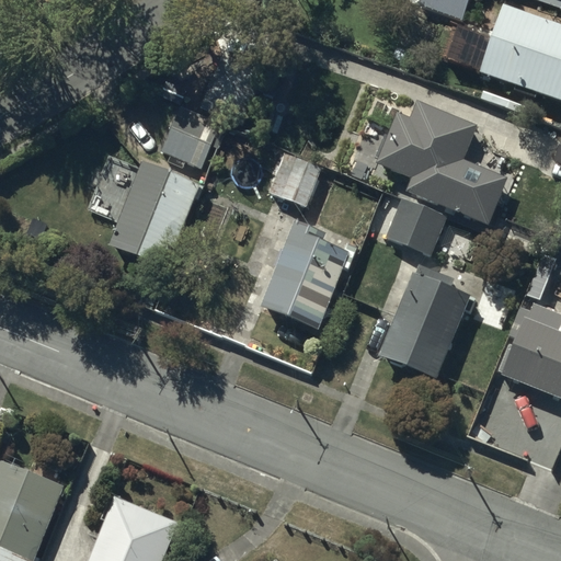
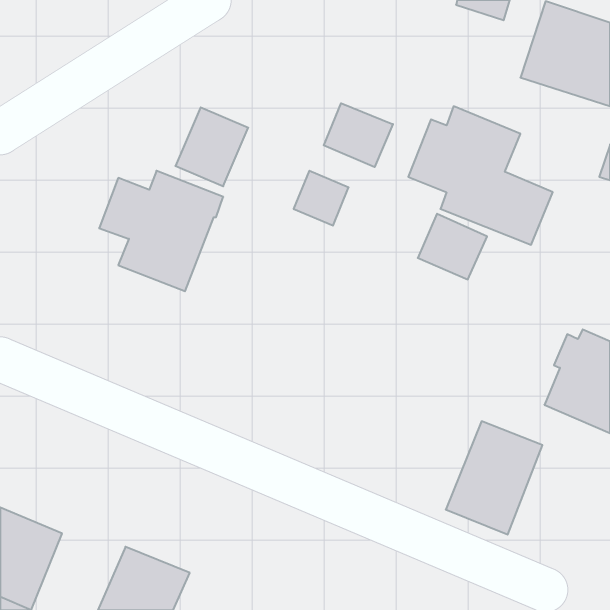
building: none -> [324,103,393,167]
building: [261,218,359,328] -> none
building: [378,272,467,376] -> [446,421,542,535]

